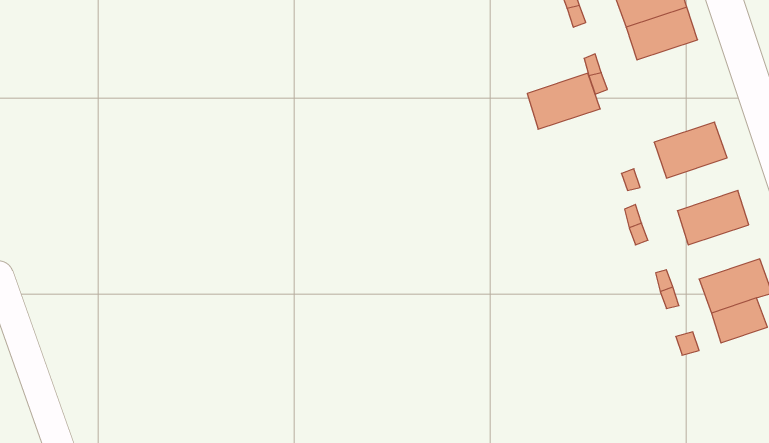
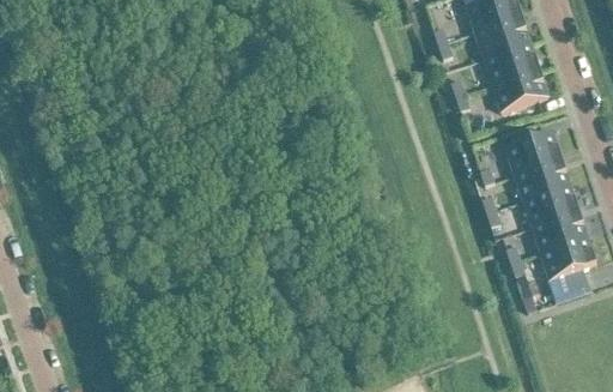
building: [527,73,600,129] -> [493,68,550,111]
building: none -> [516,159,571,200]
building: none -> [533,211,588,253]

